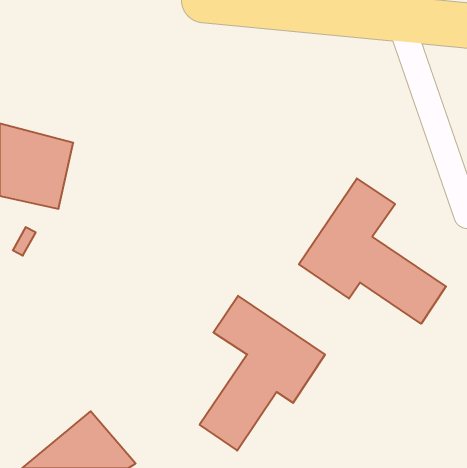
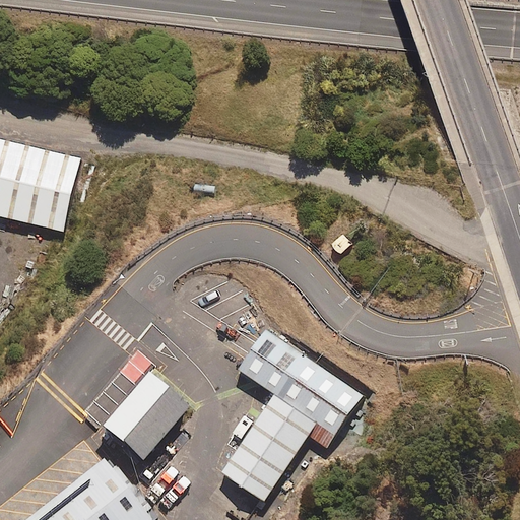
building: [299,178,446,324] -> none
building: none -> [98,376,184,464]

